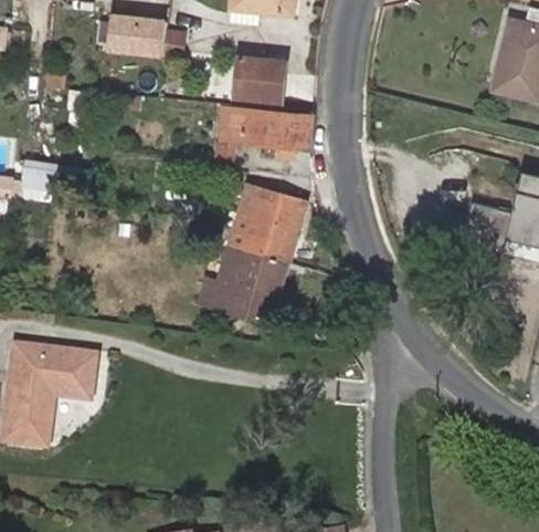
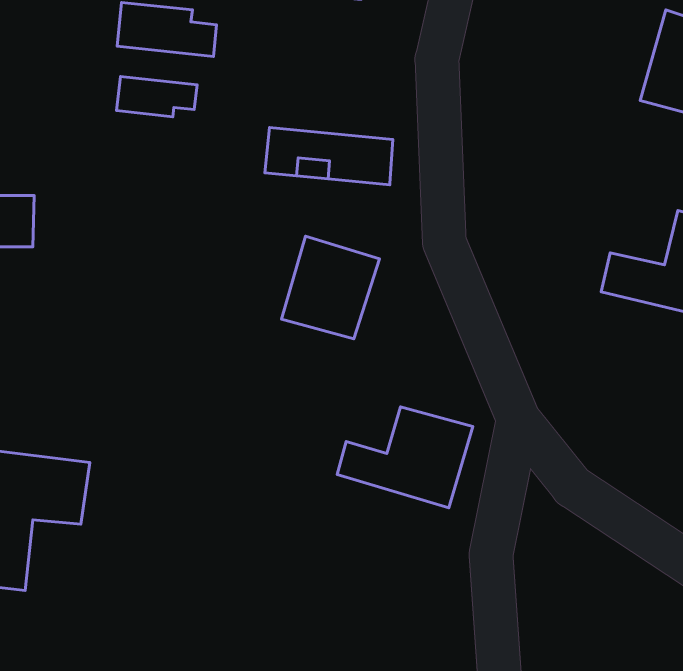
building: [239,59,288,102] -> none
building: none -> [117,77,197,117]
building: [188,249,287,323] -> [337,407,473,508]

